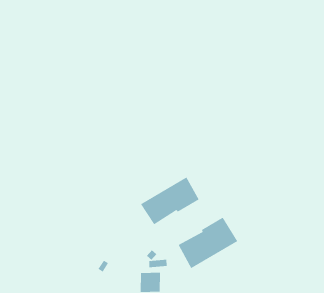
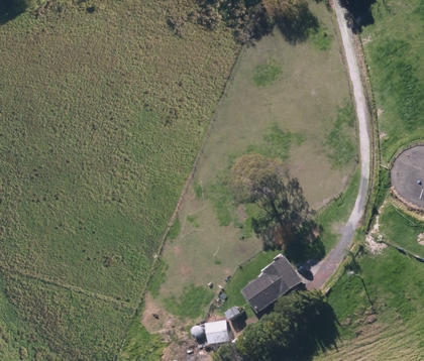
building: [140,177,200,225] -> none

